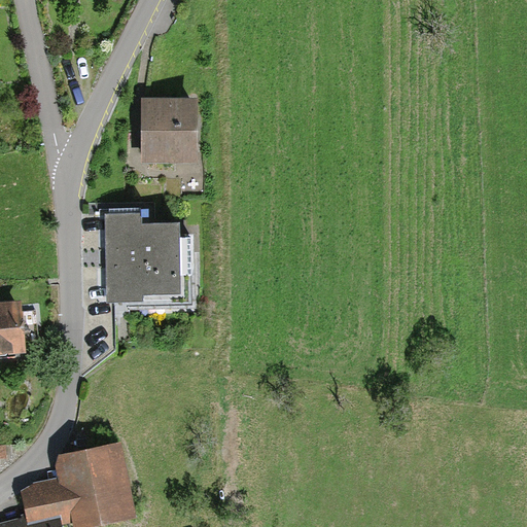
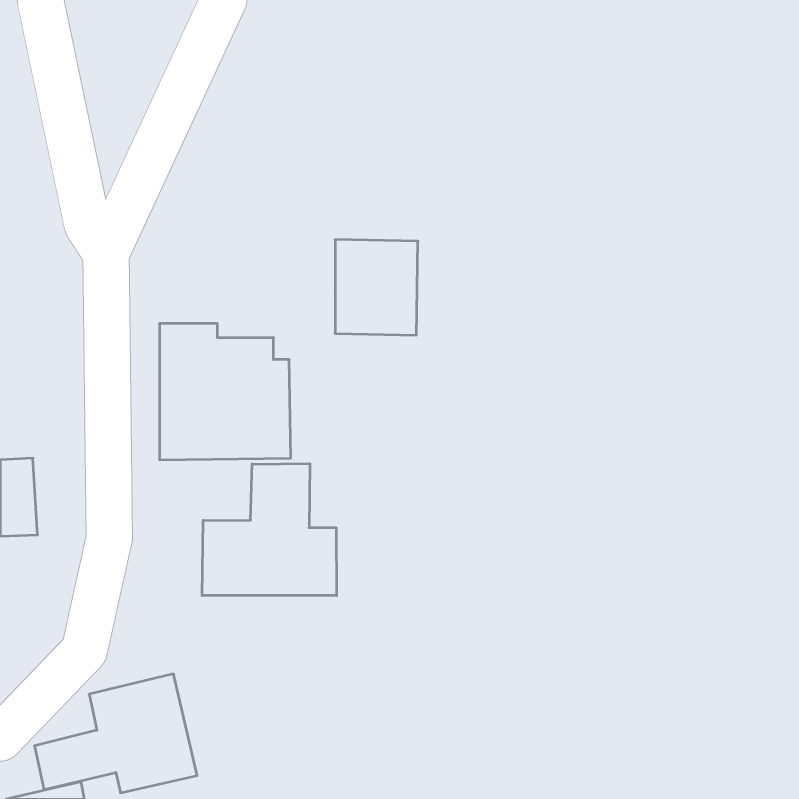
building: [141,99,196,162] -> [335,240,418,335]
building: none -> [202,464,337,596]

